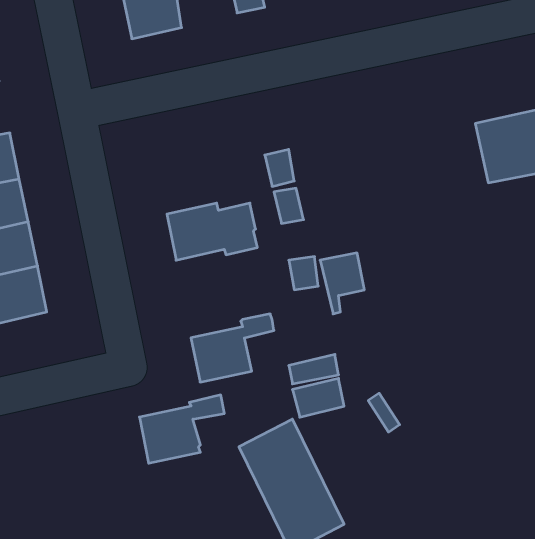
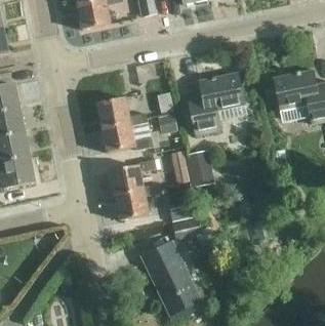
building: none -> [187,71,245,135]
building: none -> [96,96,148,127]
building: [139,395,224,463] -> [110,158,157,196]

